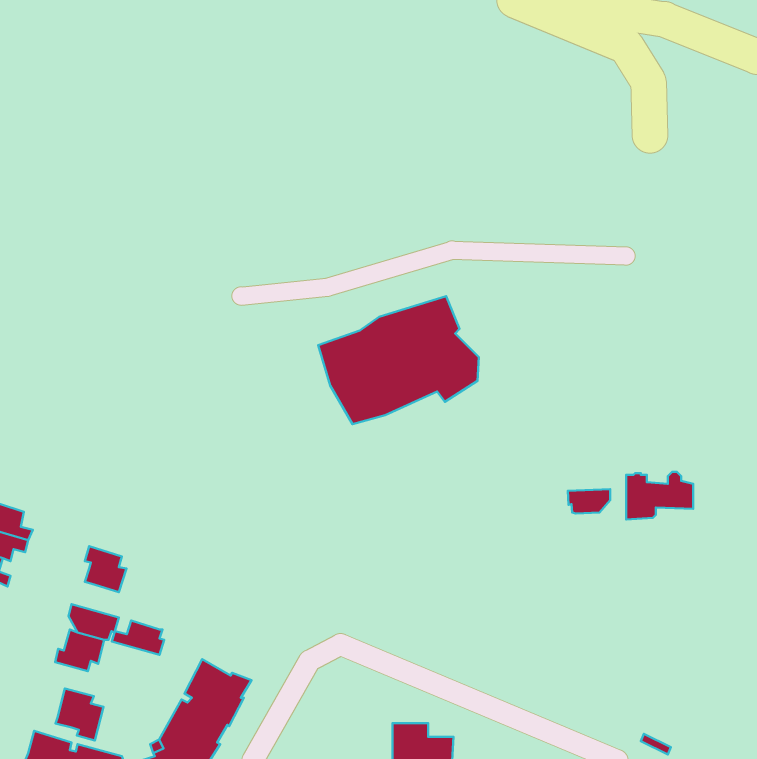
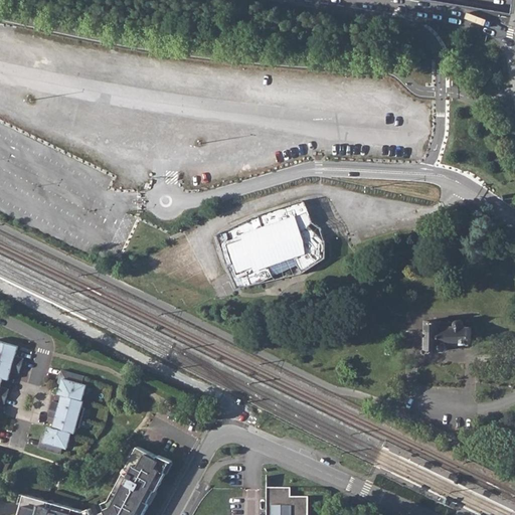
building: [568,489,610,513] -> none
building: [112,621,164,655] -> [48,395,83,418]
building: [55,689,103,740] -> none

